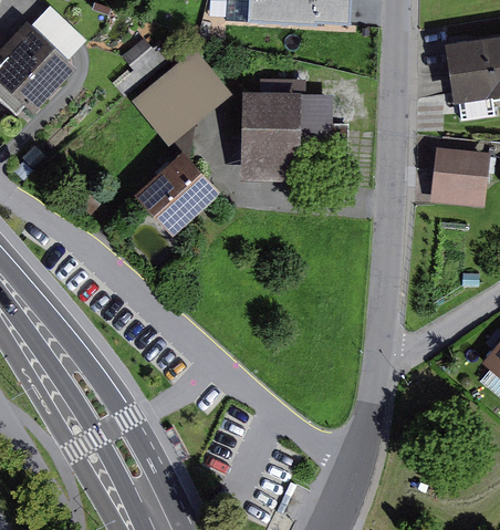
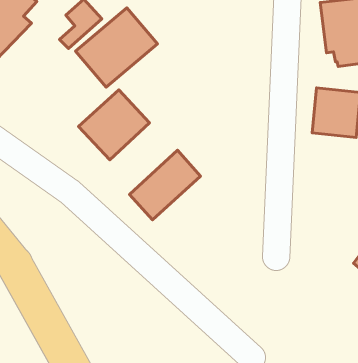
building: [244,81,350,178] -> none
building: none -> [129,150,200,220]

